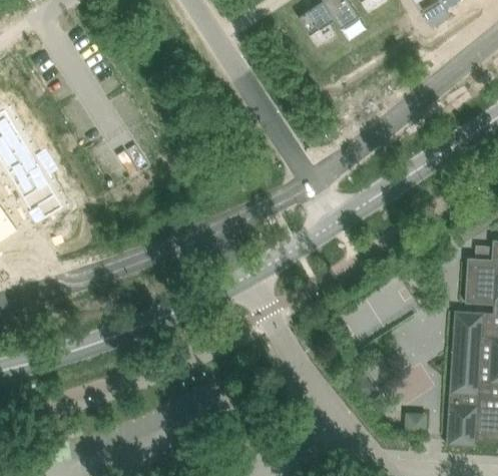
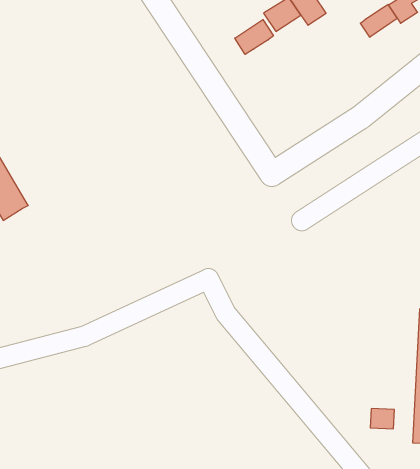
building: none -> [360,4,397,37]
building: none -> [235,20,273,54]

